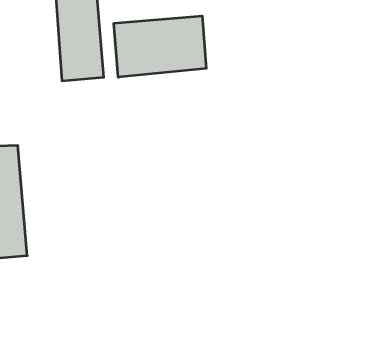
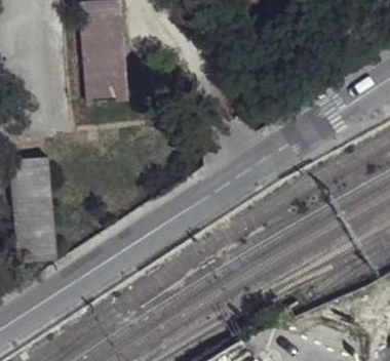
building: [114,16,206,77] -> none

